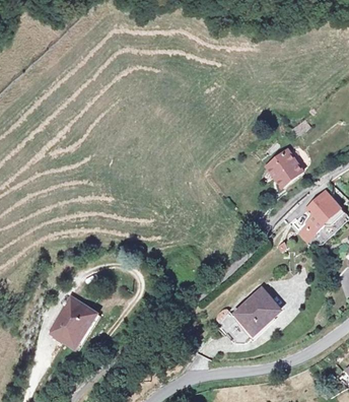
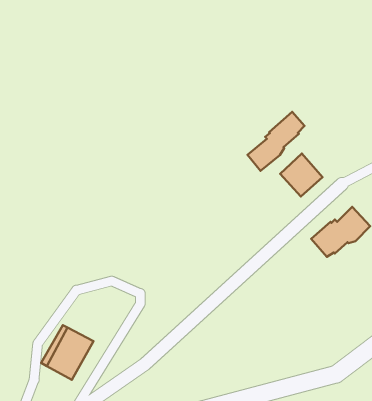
building: none -> [247,112,305,171]
building: [219,287,280,343] -> none

